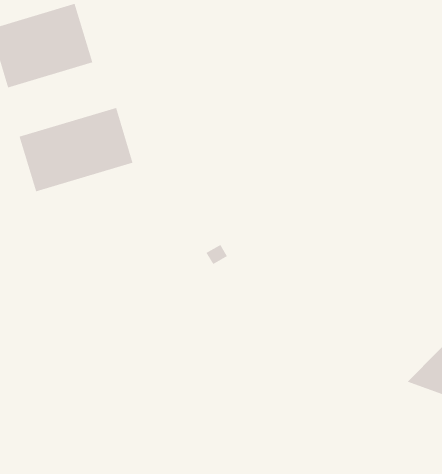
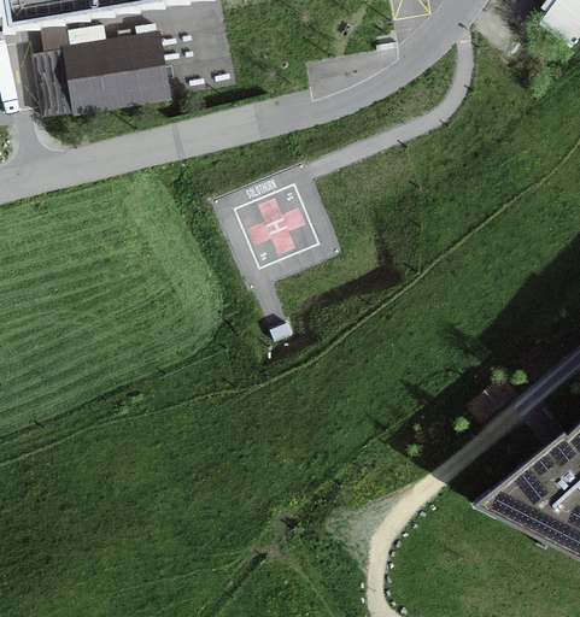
building: [19,107,133,192] -> none

